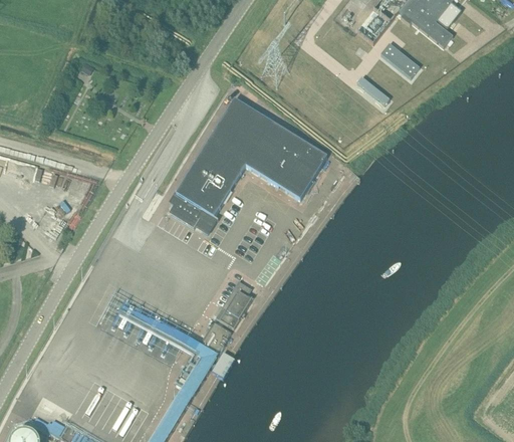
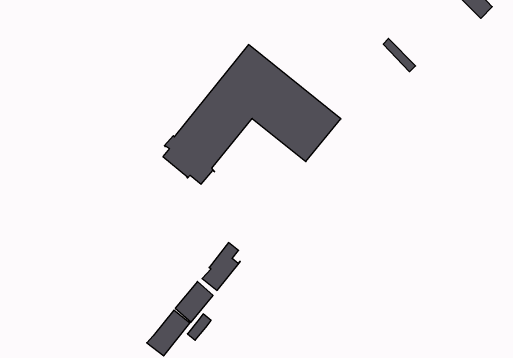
building: [379,41,419,76] -> none

